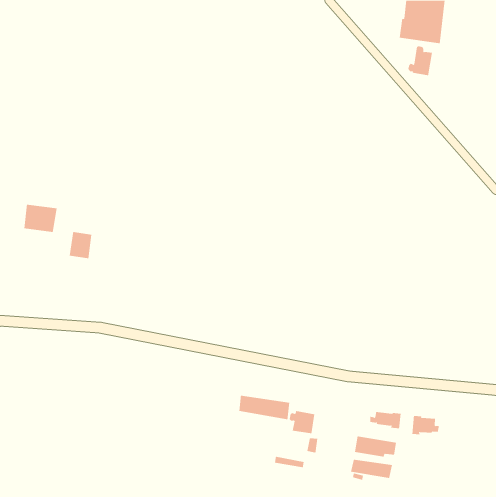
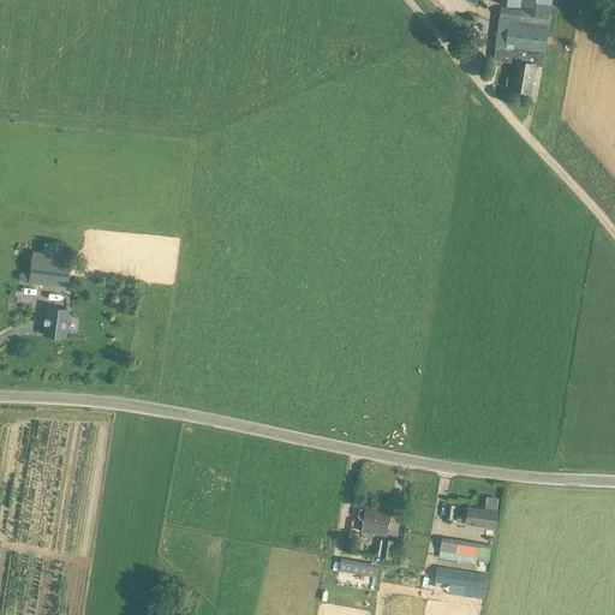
building: [69,232,92,259] -> [41,306,70,340]
building: [239,395,290,420] -> none
building: [412,415,440,435] -> none

